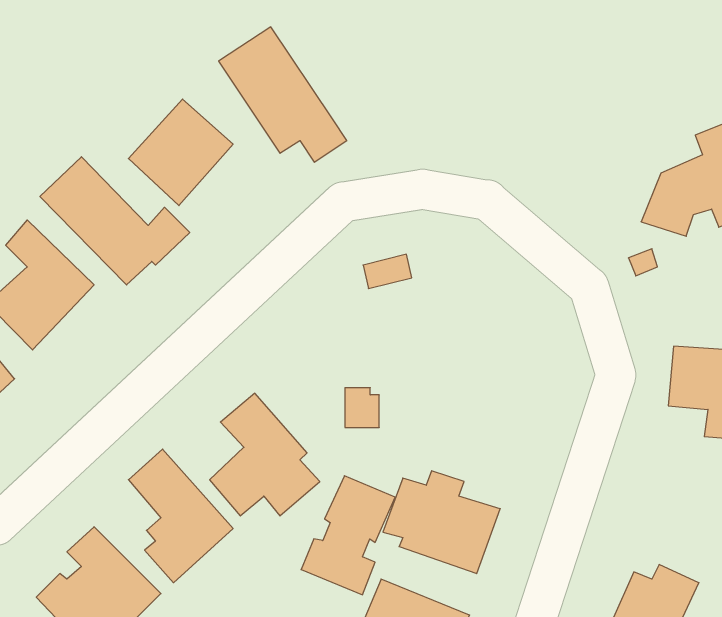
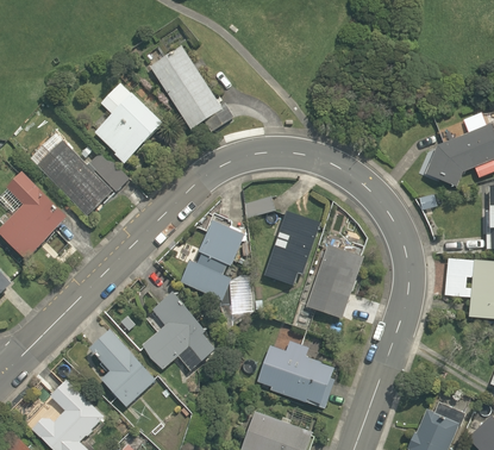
building: none -> [261,208,321,286]
building: none -> [304,243,362,318]
building: [301,476,395,595] -> [181,220,243,299]

